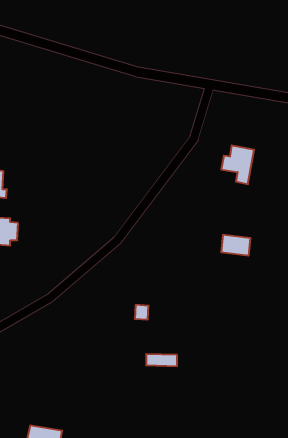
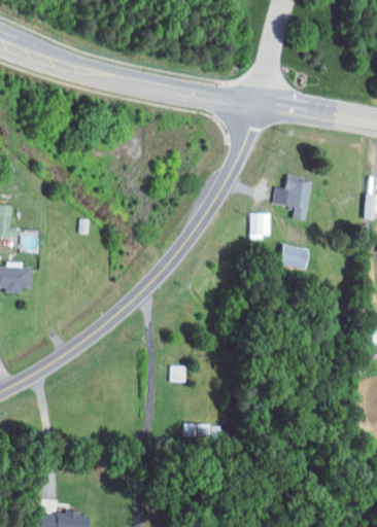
building: none -> [249,213,272,239]
building: [221,235,251,256] -> [277,245,312,270]

